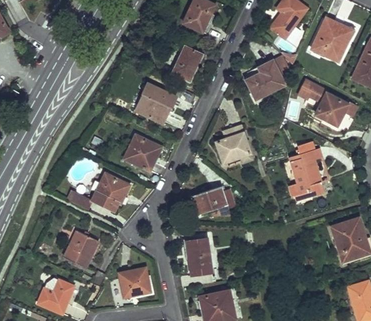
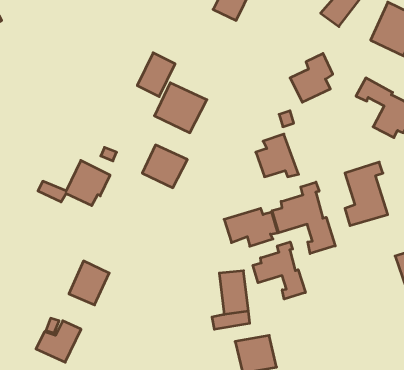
building: [172,45,203,81] -> [137,53,175,97]
building: none -> [272,182,335,254]
building: [69,172,128,209] -> [38,160,110,206]
building: none -> [253,242,305,299]
building: [119,266,150,295] -> none

